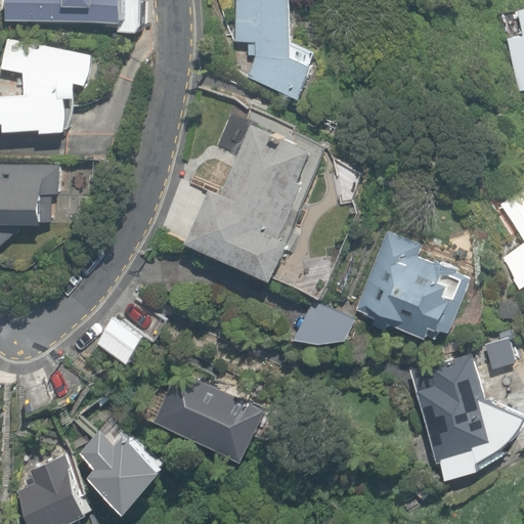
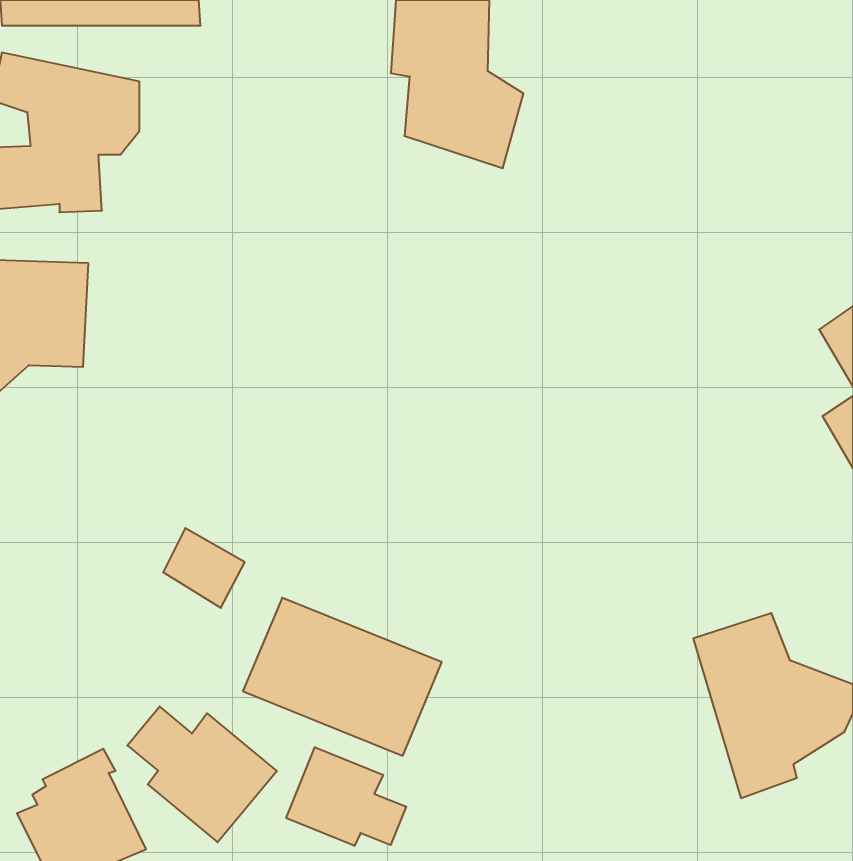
building: [182,122,316,280] -> none
building: [349,228,466,342] -> none
building: [297,305,354,347] -> none
building: none -> [286,747,406,846]

